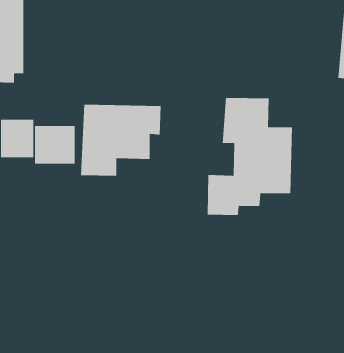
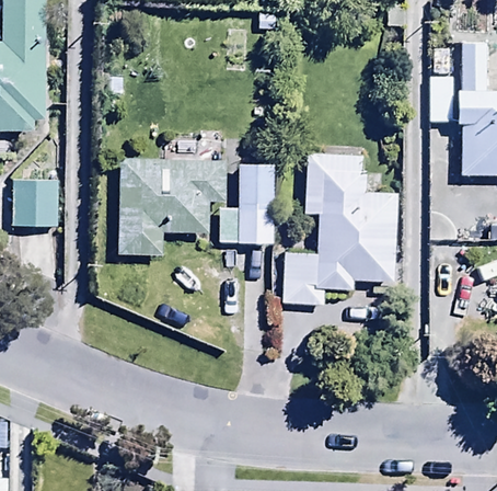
building: none -> [218,160,276,244]
building: [35,125,75,165] -> none

